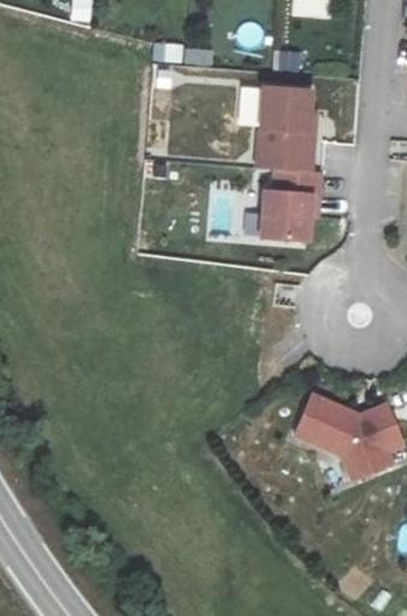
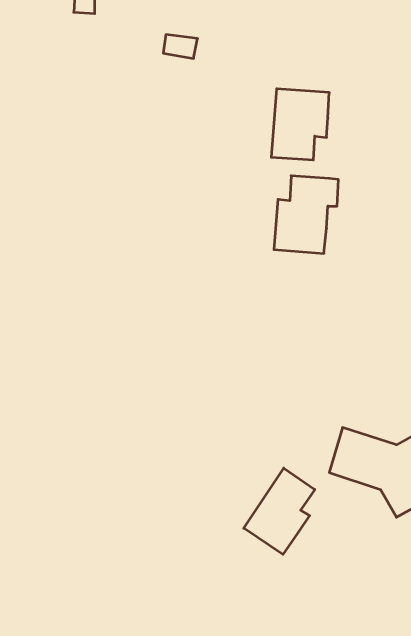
building: [255,114,314,170] -> none
building: none -> [244,468,315,554]

